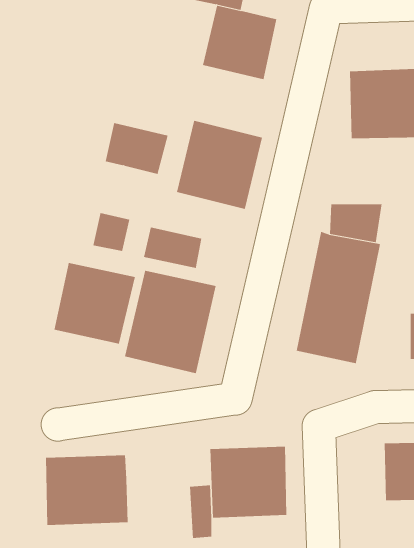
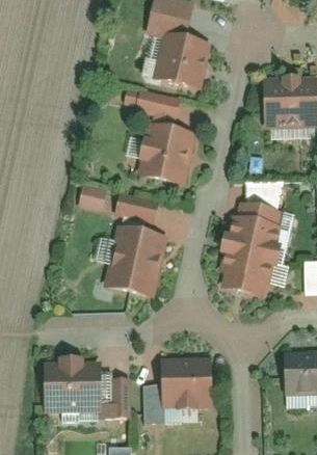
building: [105,122,168,174] -> [136,87,182,125]
building: [54,262,135,345] -> none
building: none -> [102,376,133,418]

